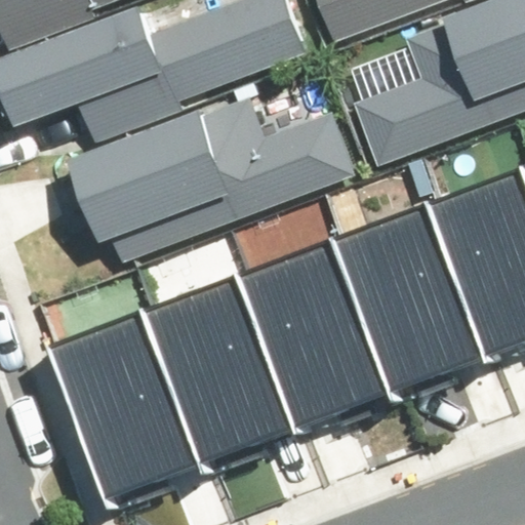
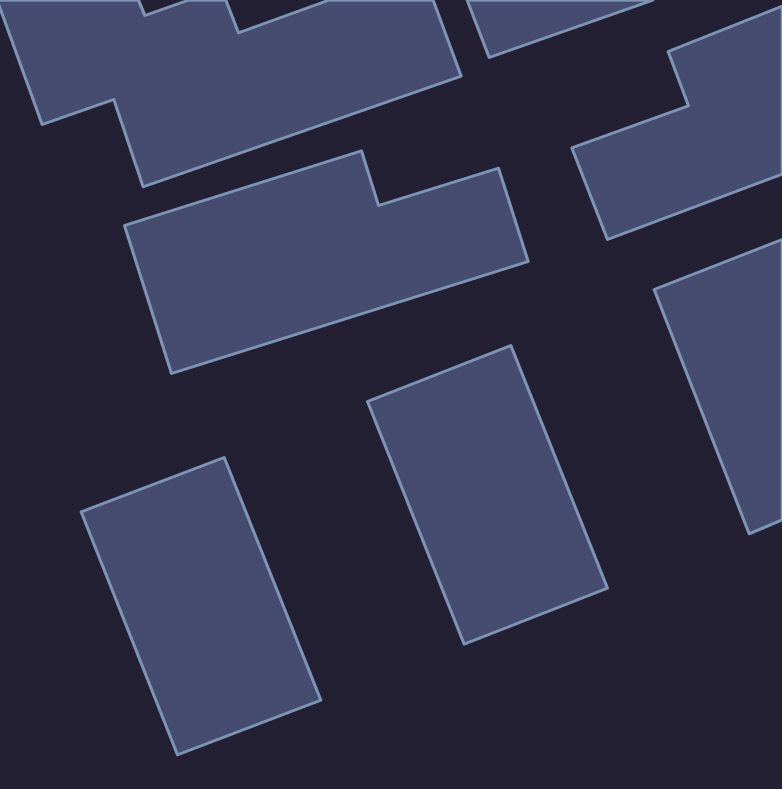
building: [336,195,493,392] -> none
building: [148,269,306,466] -> none

